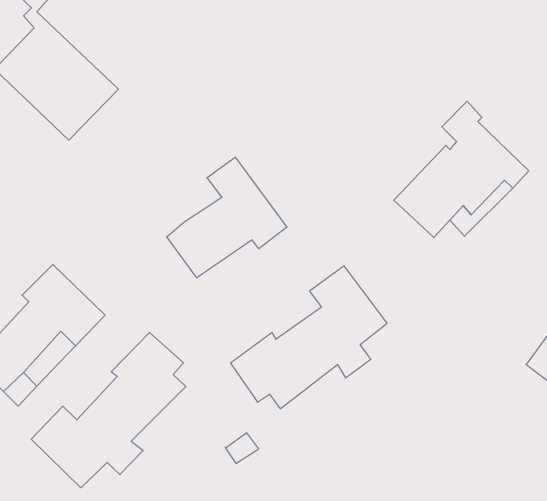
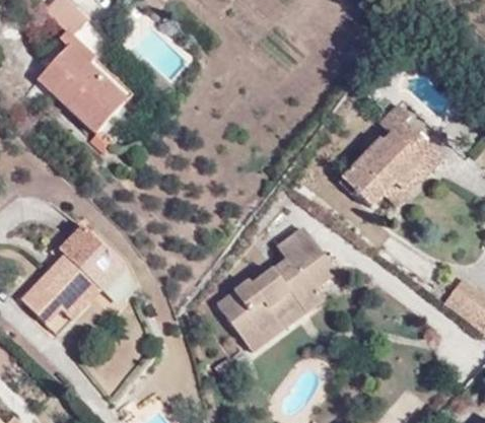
building: [167,157,287,278] -> none
building: [31,332,186,488] -> none
building: none -> [236,302,303,351]

